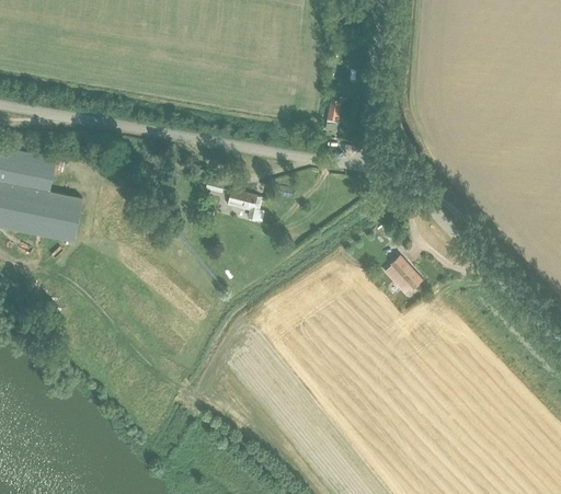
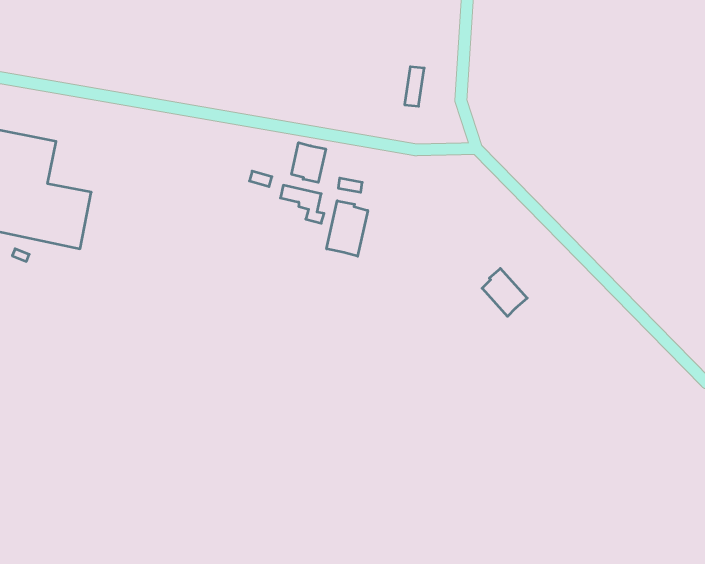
building: none -> [292,143,326,182]
building: none -> [327,201,368,256]

